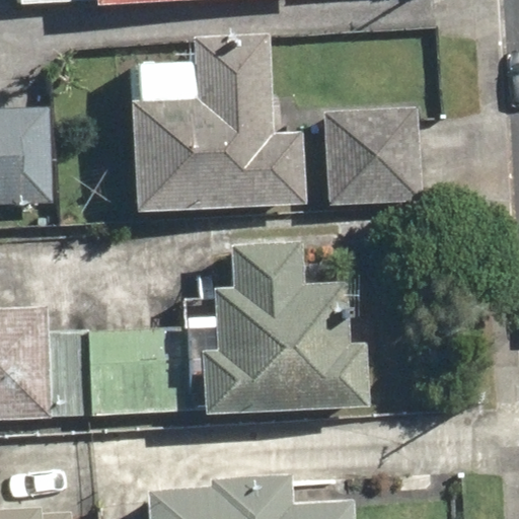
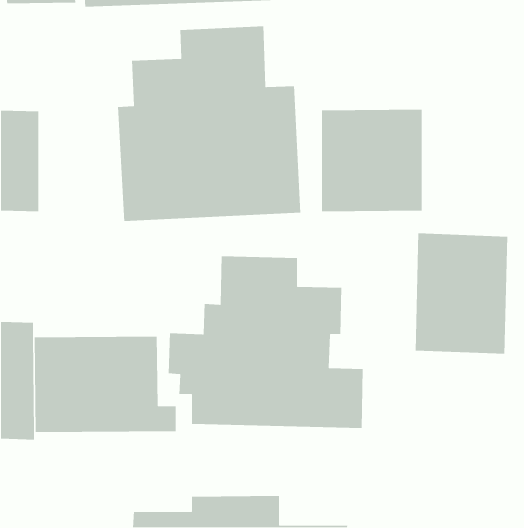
building: none -> [415,233,508,355]

